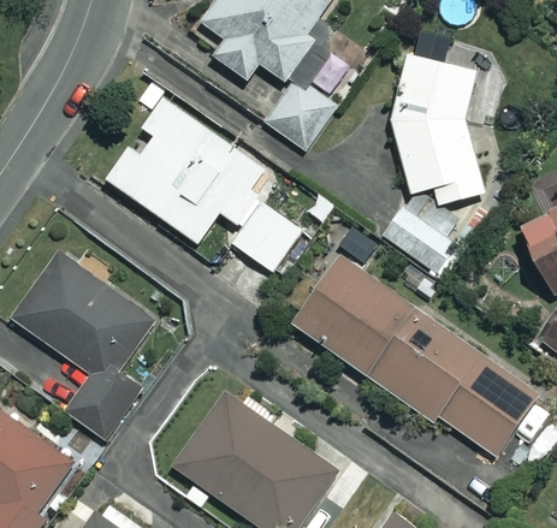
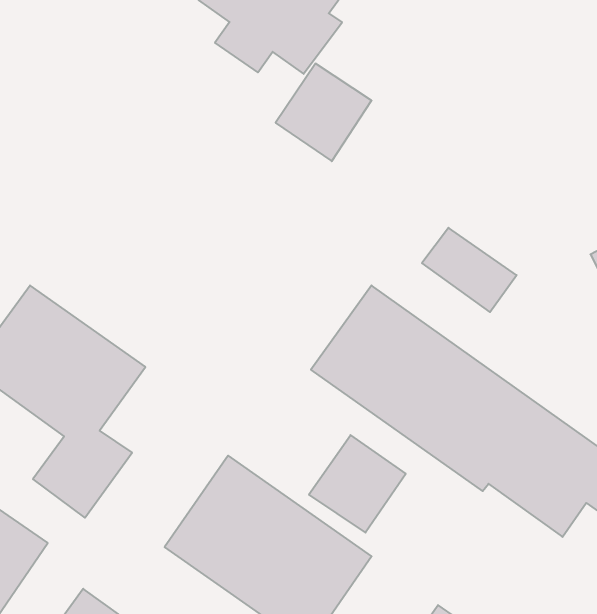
building: [391,52,484,204] -> none
building: [106,97,302,272] -> none
building: none -> [309,435,406,533]

